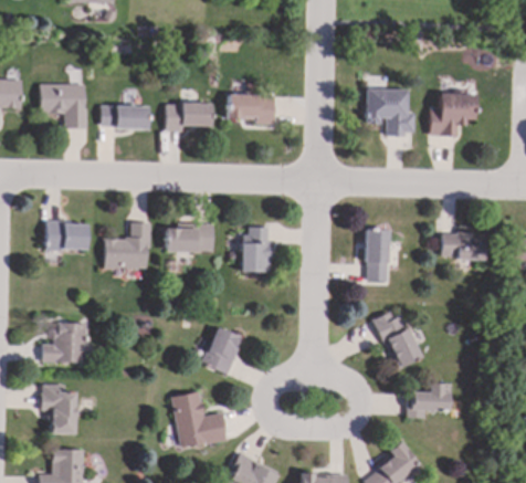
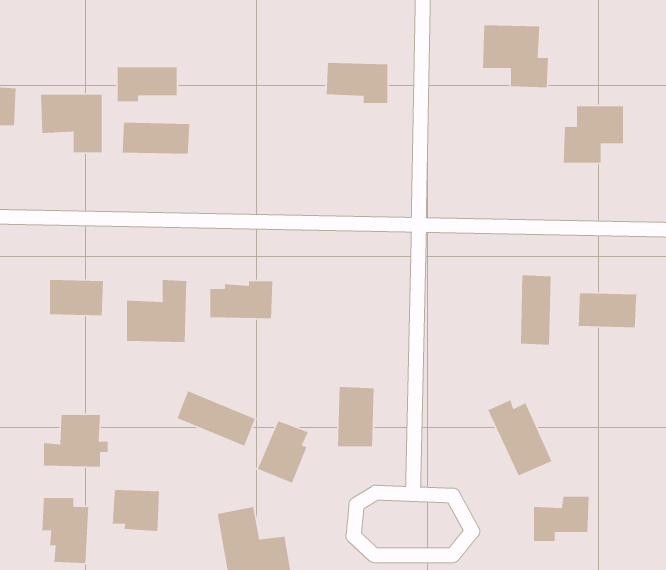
building: [365,88,414,136] -> [482,24,549,88]
building: [228,94,274,125] -> [326,62,388,104]
building: [166,104,211,130] -> [117,66,178,102]
building: [242,227,270,272] -> [337,386,374,447]
building: [365,229,388,282] -> [520,274,551,346]
building: none -> [177,390,256,447]
building: none -> [112,489,160,532]

